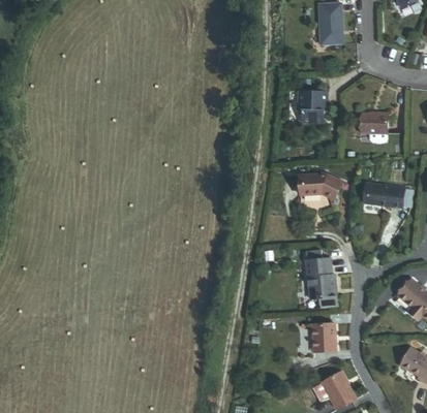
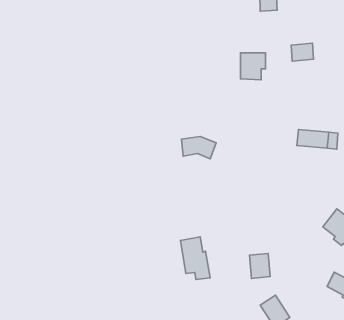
building: [364,114,390,134] -> [291,43,314,61]
building: [293,176,333,201] -> [182,137,216,159]
building: [300,259,334,309] -> [181,237,210,280]

